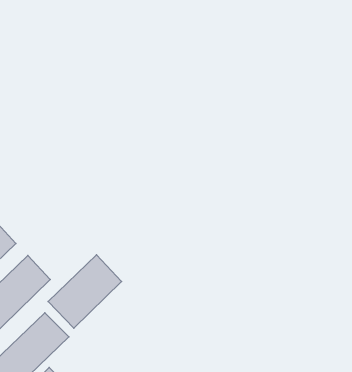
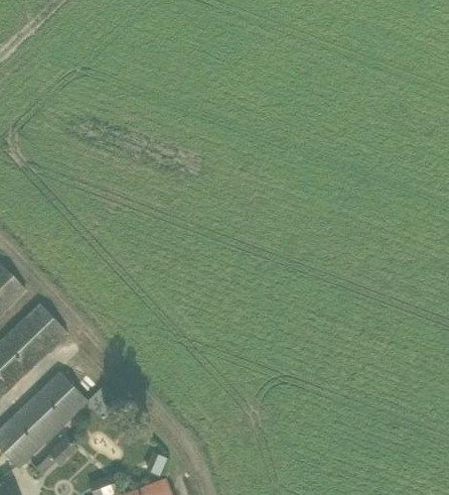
building: [48,255,121,328] -> none

